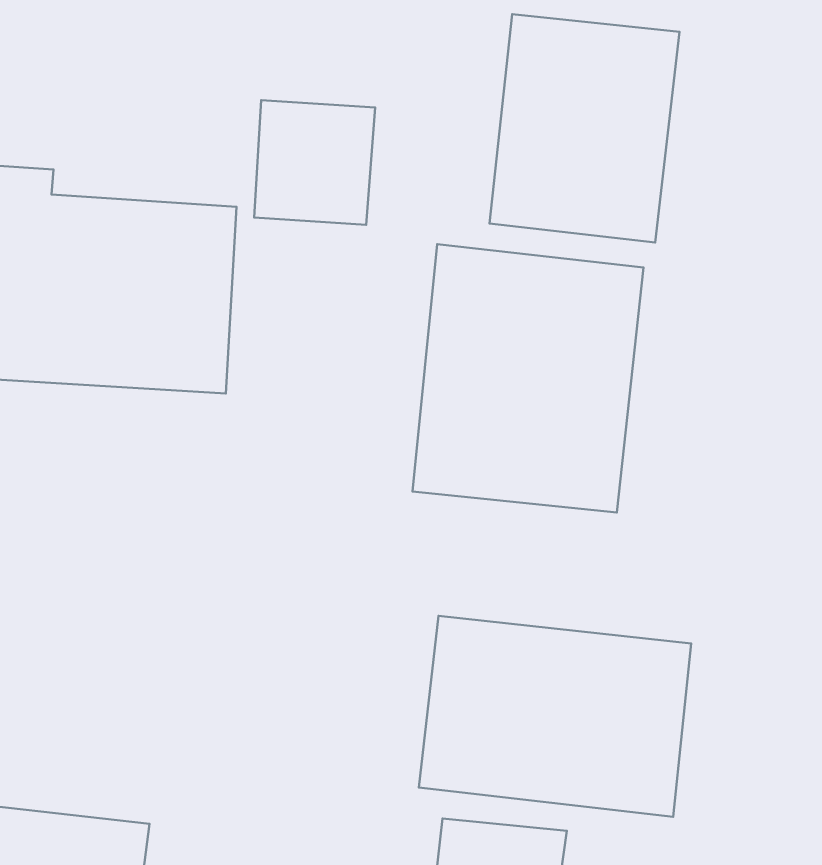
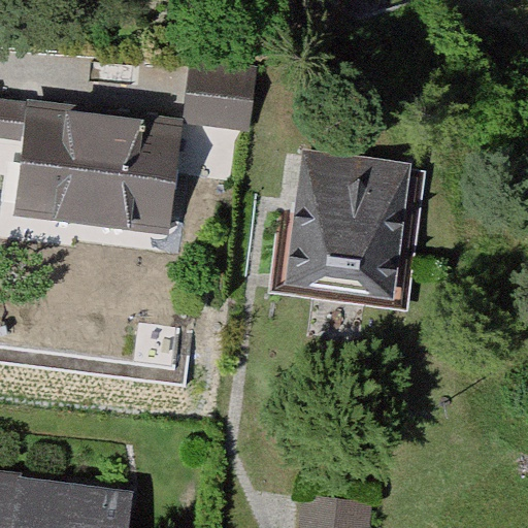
building: [489,14,680,242] -> none
building: [419,616,691,817] -> none

